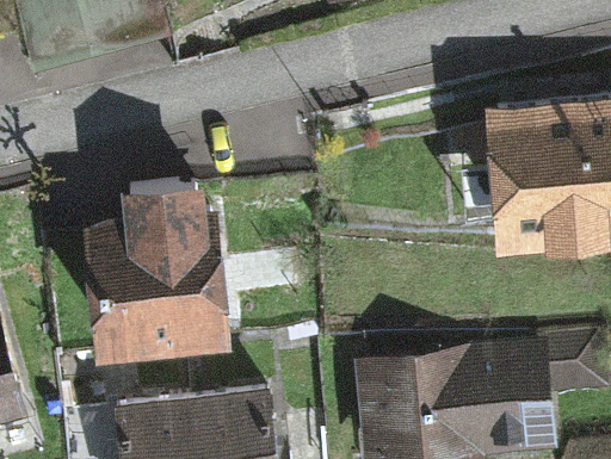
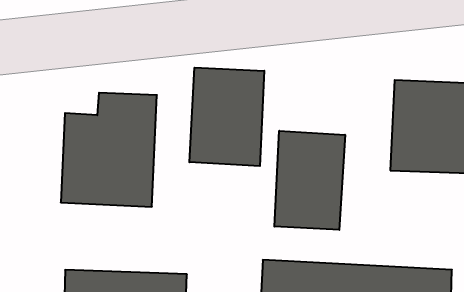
building: none -> [189,68,264,166]
building: none -> [274,131,345,230]

